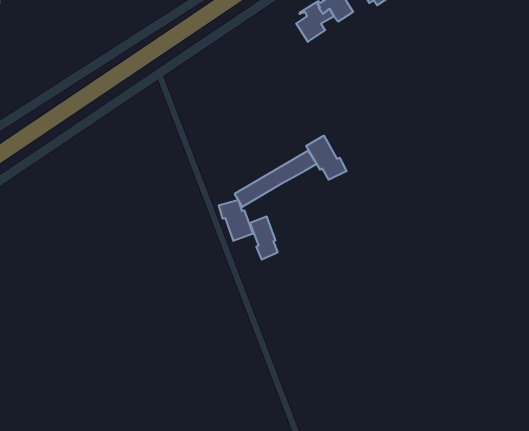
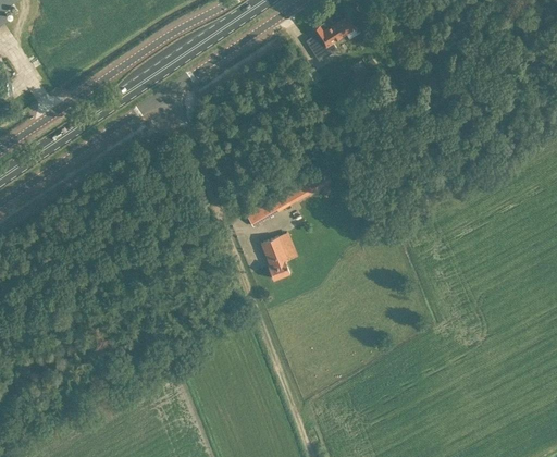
building: [306,136,347,180] -> none
building: [219,200,253,241] -> none

